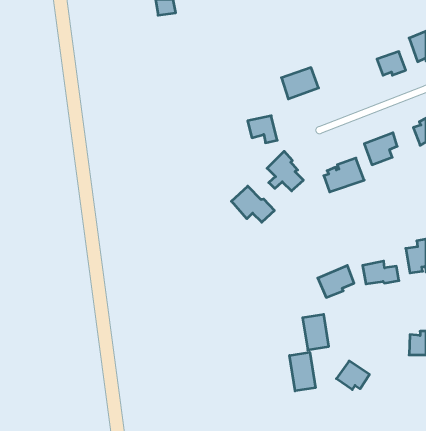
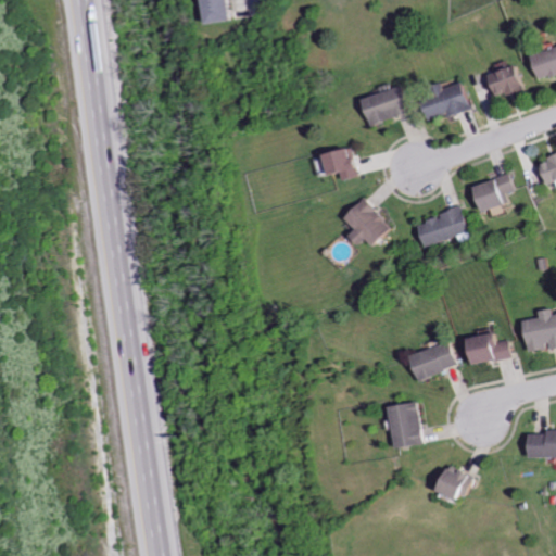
building: none -> [419,79,470,121]
building: [231,186,274,222] -> none
building: [290,352,315,391] -> none

